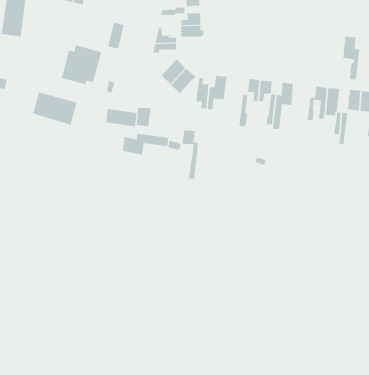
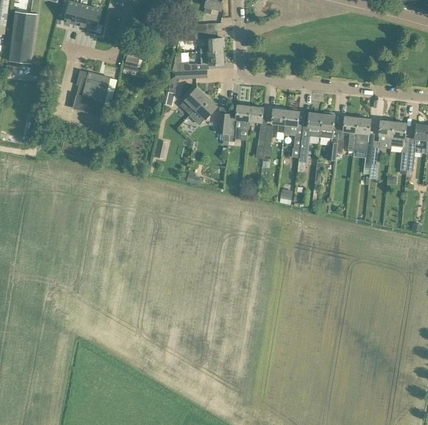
building: [343,36,360,80] -> [319,113,338,160]
building: [33,92,77,125] -> none
building: [106,108,137,127] -> none
building: [182,130,198,179] -> [248,105,266,158]
building: [122,133,169,155] -> none

